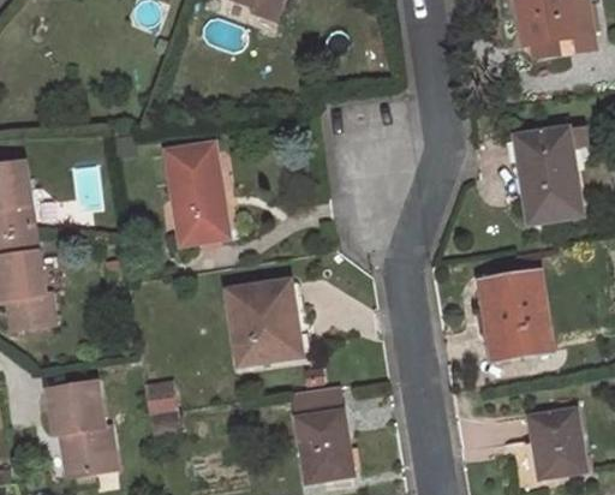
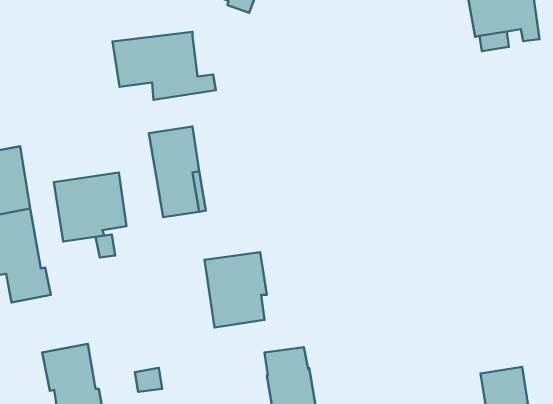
building: none -> [113,32,216,100]
building: [517,127,581,222] -> none
building: none -> [54,172,126,241]
building: [482,272,551,358] -> none

